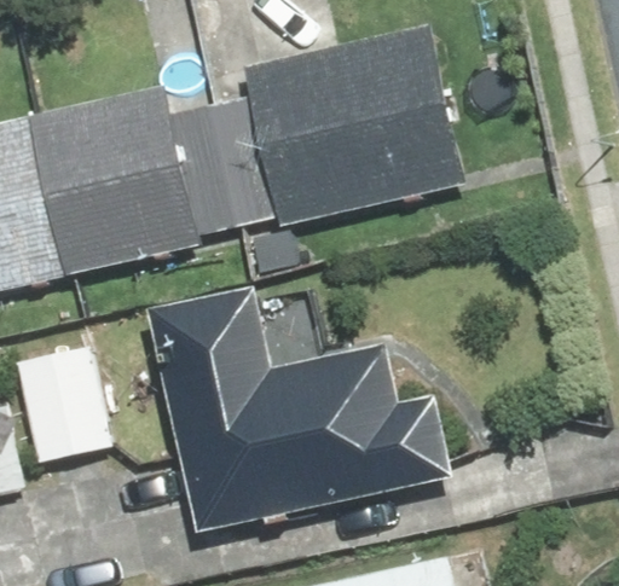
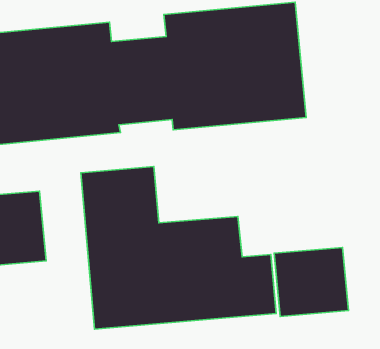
building: none -> [274,247,349,316]

